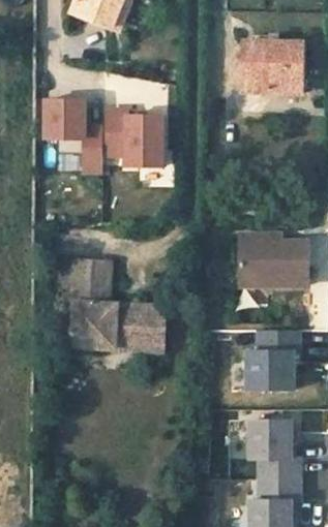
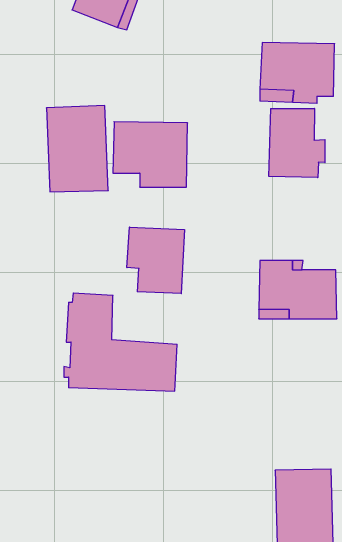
building: none -> [269,108,325,178]
building: none -> [127,227,184,294]
building: [244,330,303,392] -> none

